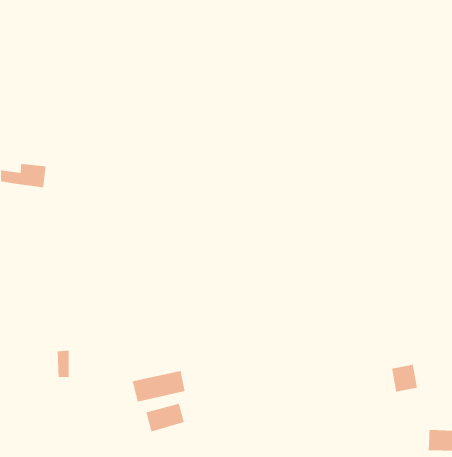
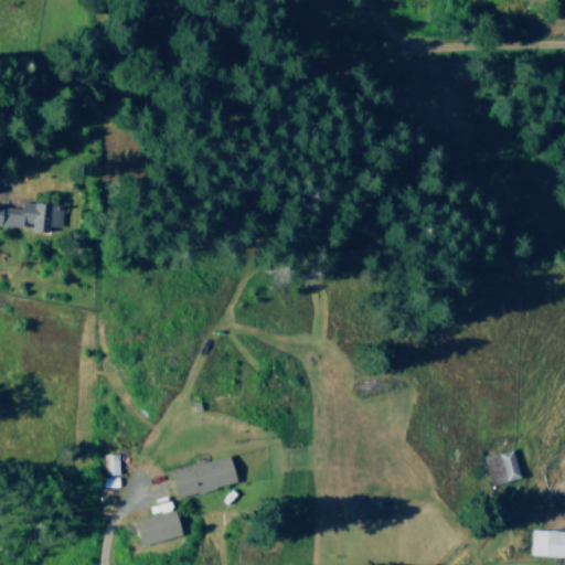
building: [57,350,70,378] -> [107,454,122,488]
building: [145,403,185,432] -> [132,510,181,546]

